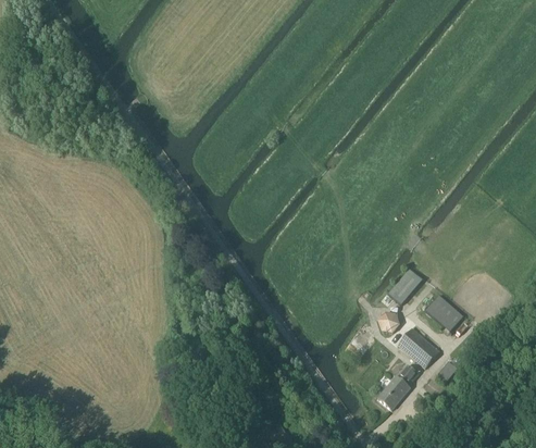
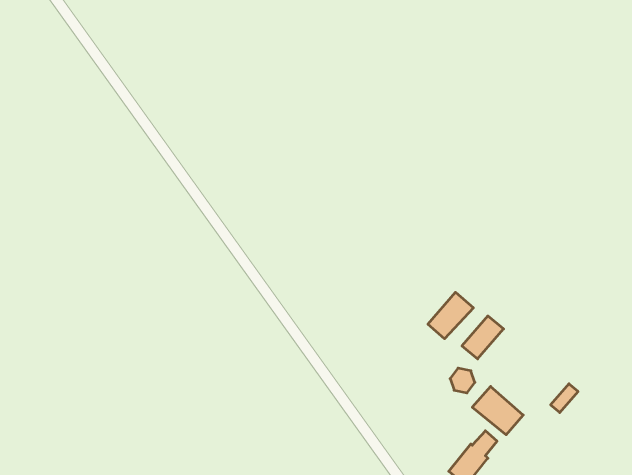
building: none -> [428,292,473,339]
building: [425,295,463,332] -> none

